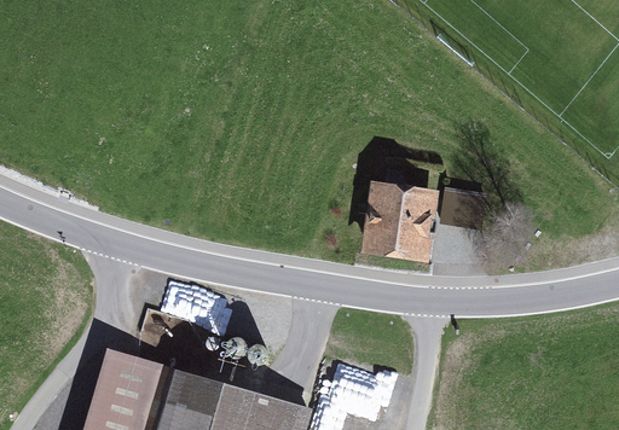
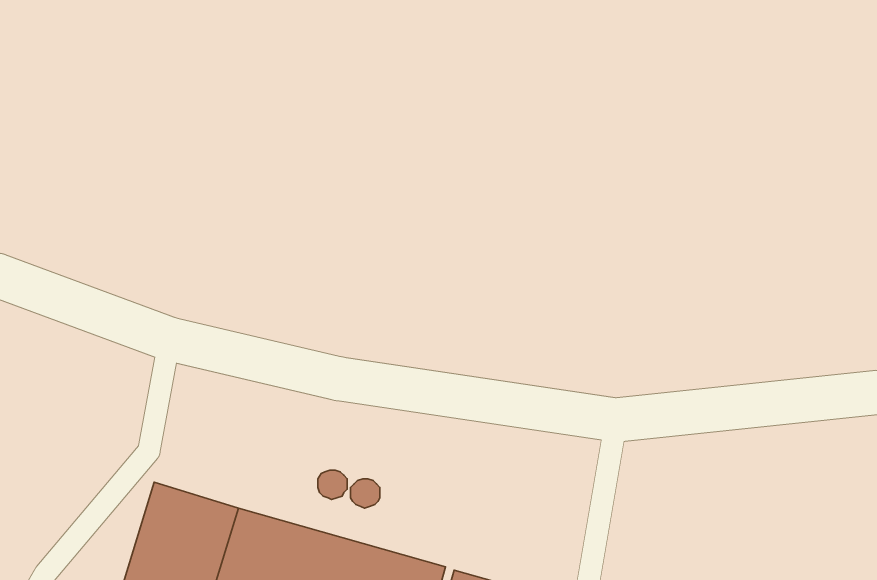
building: [359,180,439,262] -> none

